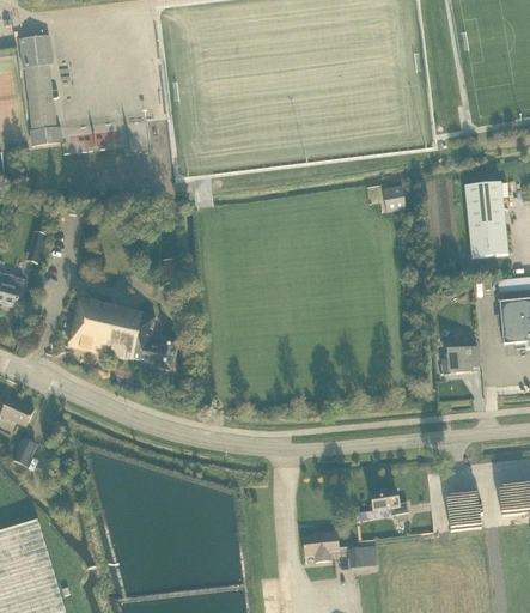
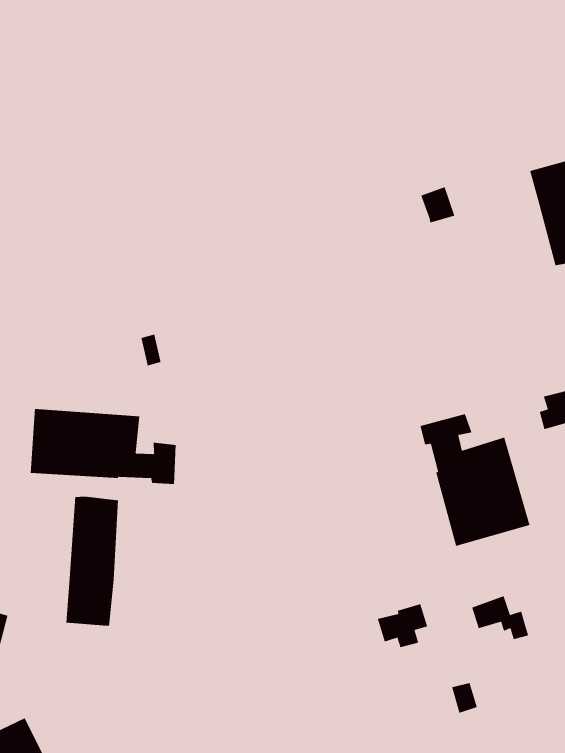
building: none -> [419,413,531,547]
building: none -> [66,496,119,626]
building: [303,532,339,562] -> [377,603,428,648]

